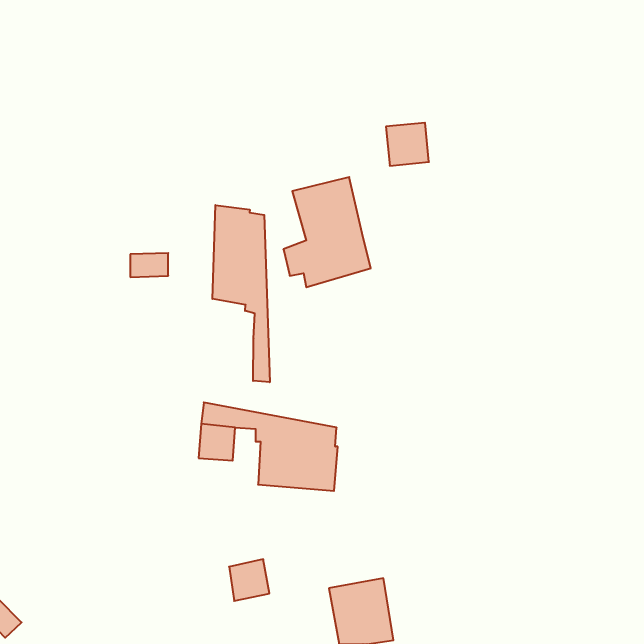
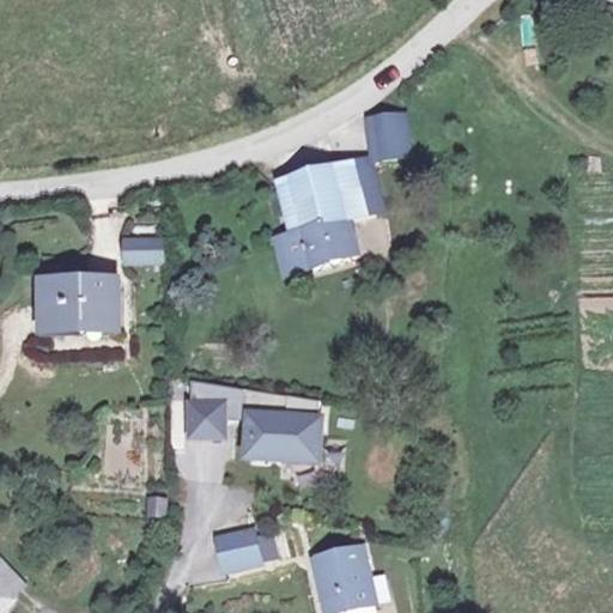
building: none -> [330,159,377,225]
building: [212,205,270,382] -> none
building: none -> [42,280,116,329]

